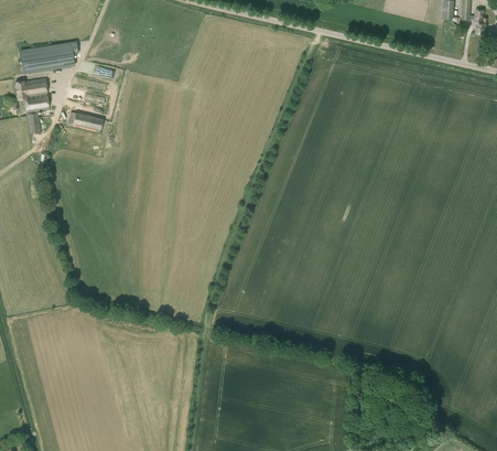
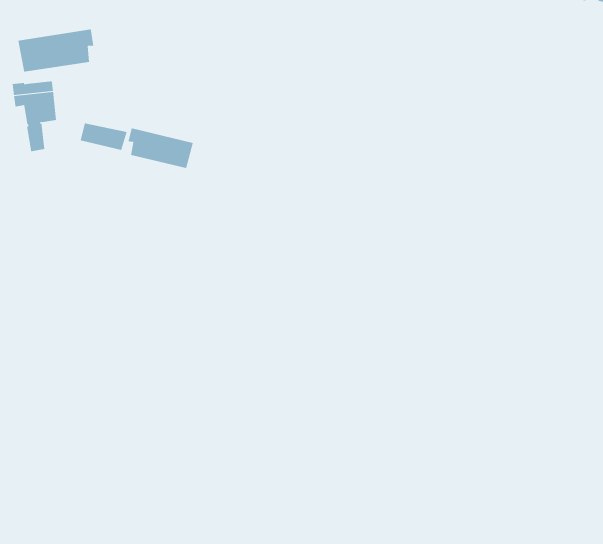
building: none -> [128,128,193,169]

